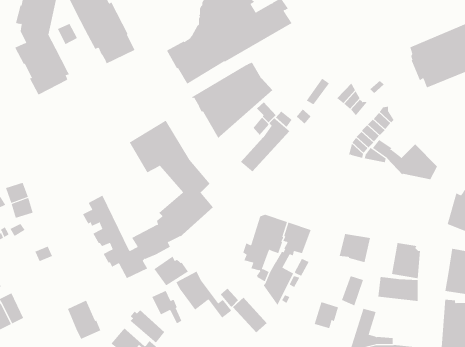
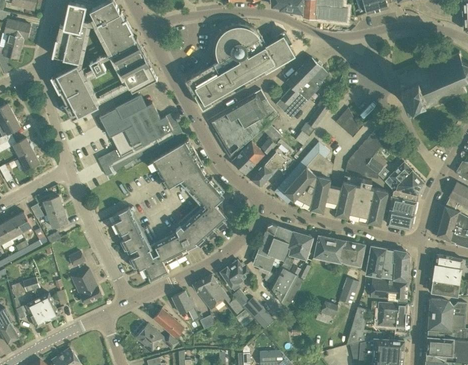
building: none -> [275,57,327,118]
building: none -> [96,96,182,175]
building: none -> [231,142,263,174]
building: none -> [280,147,386,224]
building: none -> [385,189,417,228]
building: none -> [313,236,341,266]
building: none -> [364,245,387,278]
building: [153,256,189,286] -> [220,260,251,287]
building: [67,300,101,340] -> [71,269,101,304]
building: none -> [376,303,406,332]

